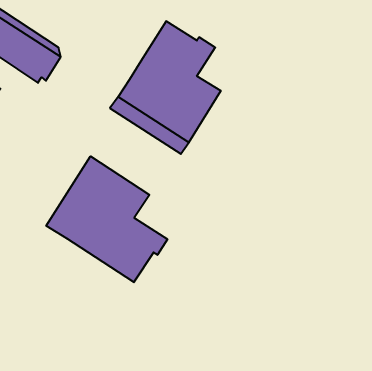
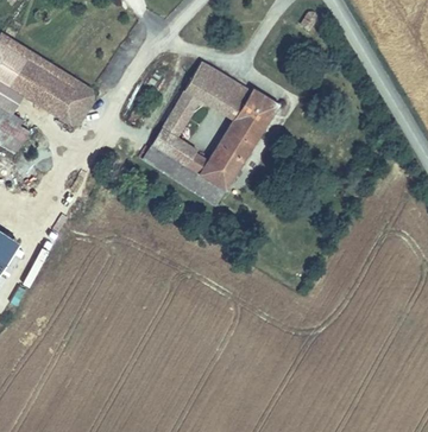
building: none -> [234,90,278,135]
building: [46,156,167,282] -> none

